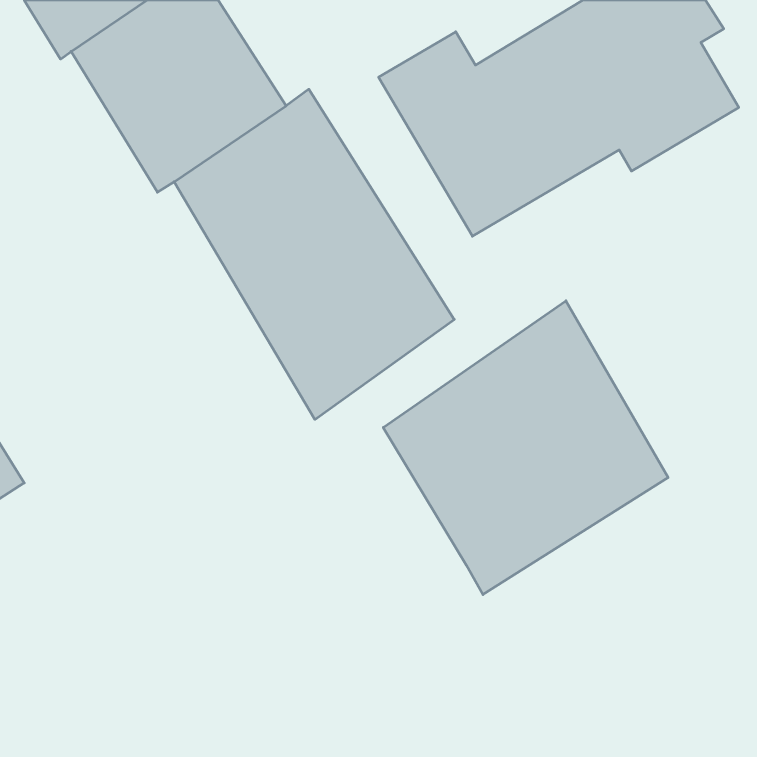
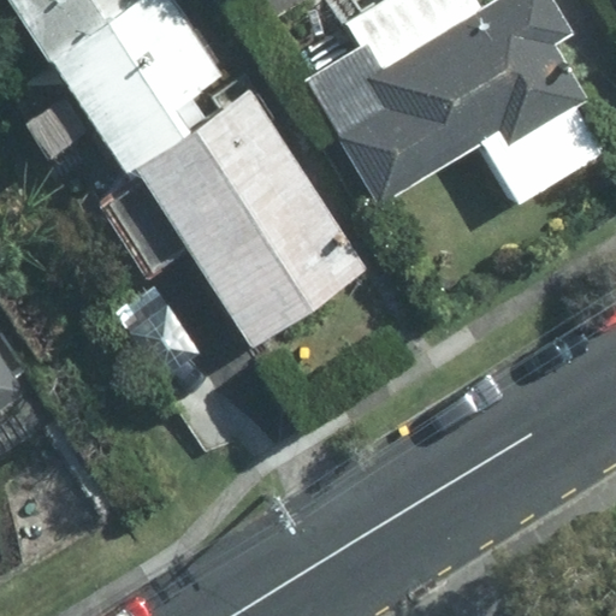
building: [383,301,668,595] -> none

